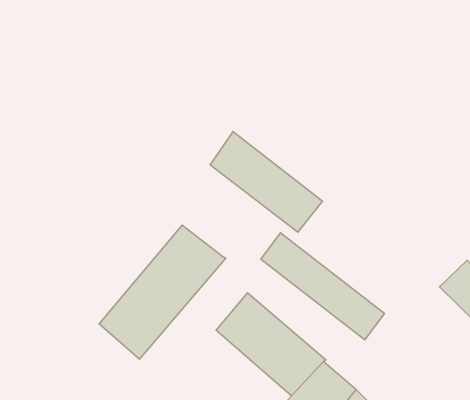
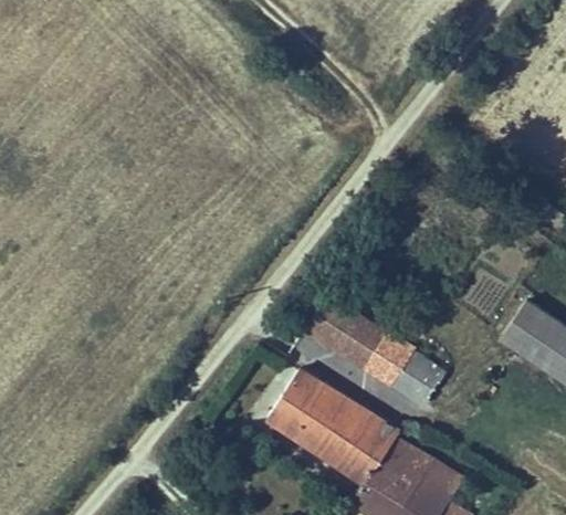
building: [210,131,323,232] -> none
building: [99,225,226,359] -> none

